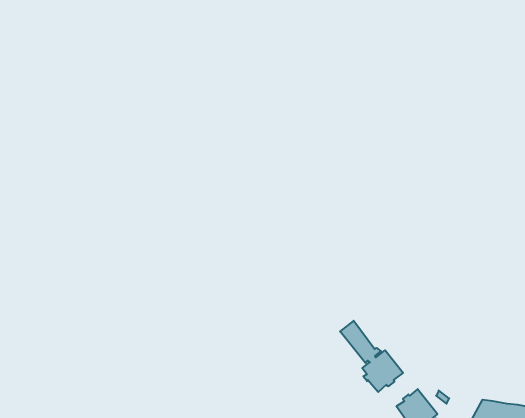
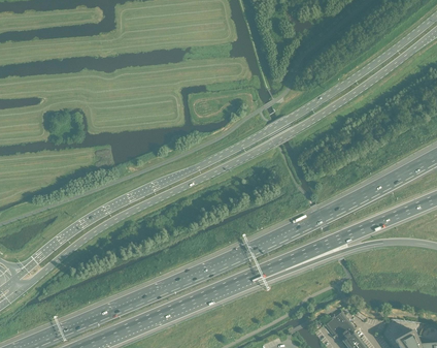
building: [340,321,403,392] -> none

